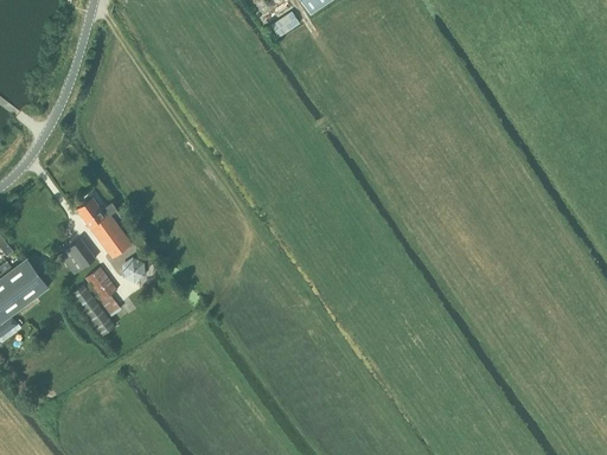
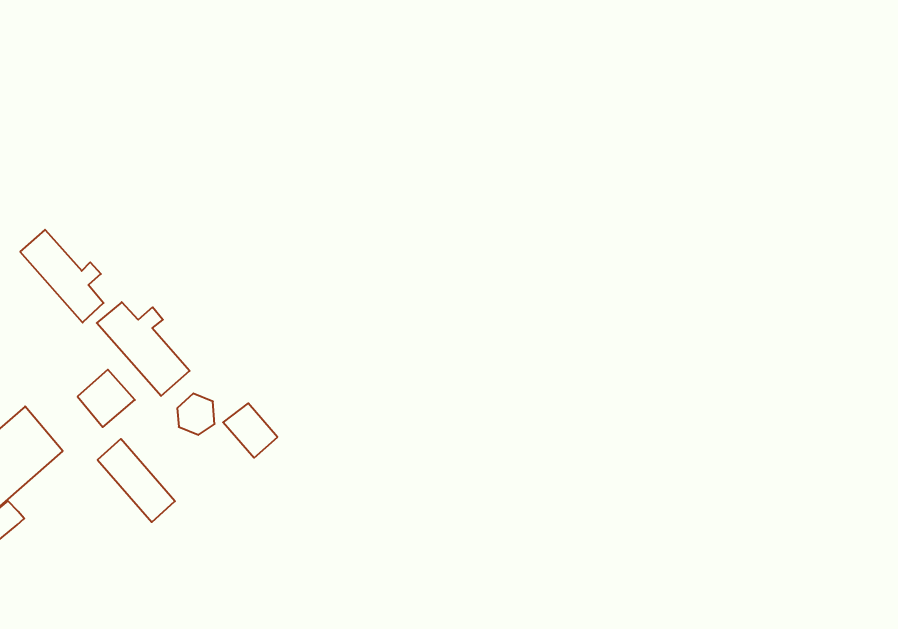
building: none -> [20,230,104,323]
building: [84,268,117,302] -> [223,403,277,458]

